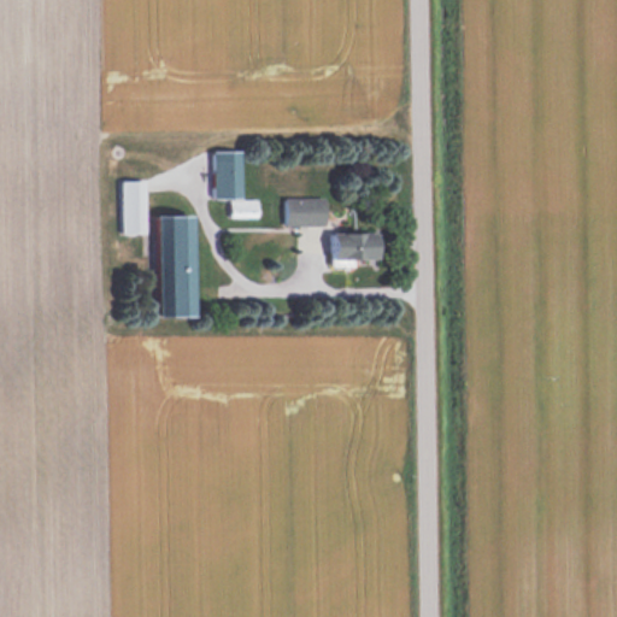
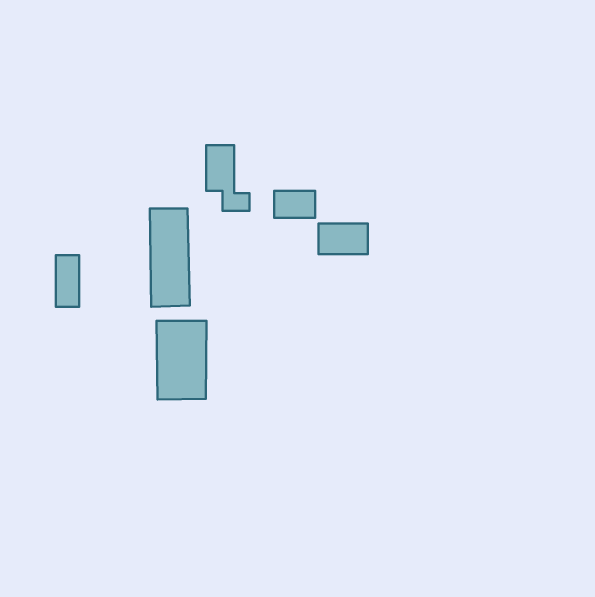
building: [124,181,148,234] -> [56,255,79,307]
building: none -> [157,321,206,400]

